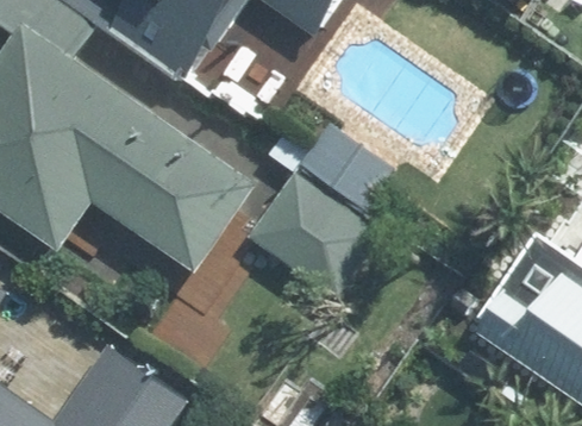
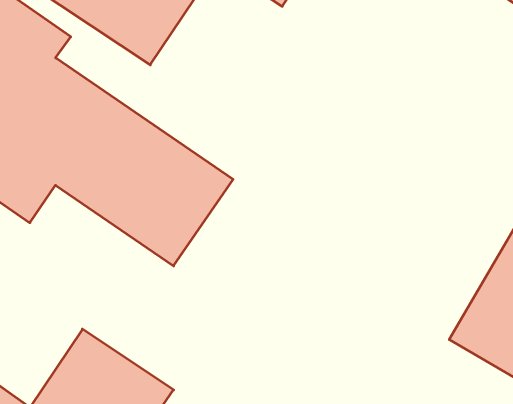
building: [249,121,390,295] -> none

